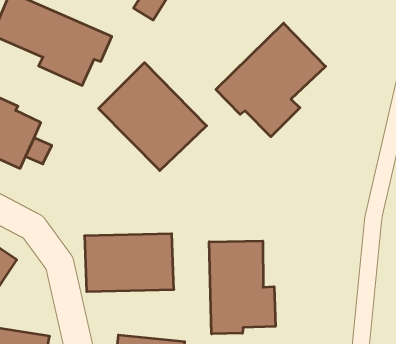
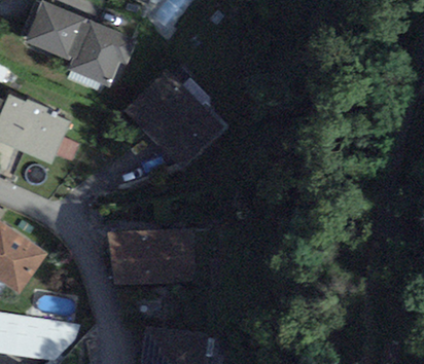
building: [216,23,326,137] -> none
building: [209,241,275,334] -> none

